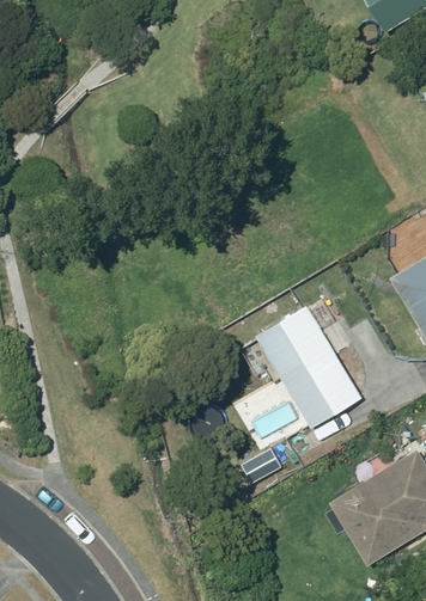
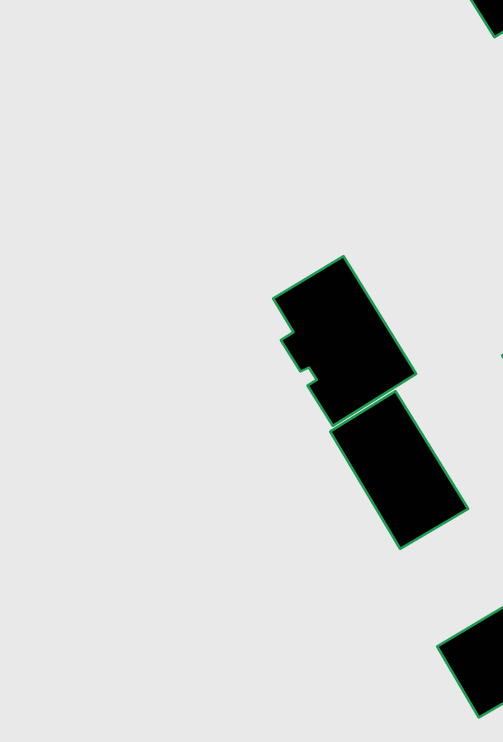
building: none -> [273,256,416,426]

